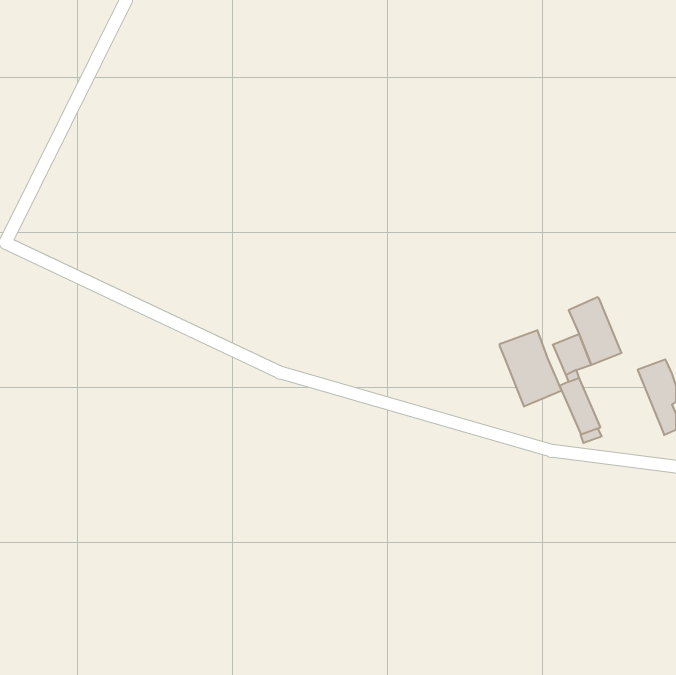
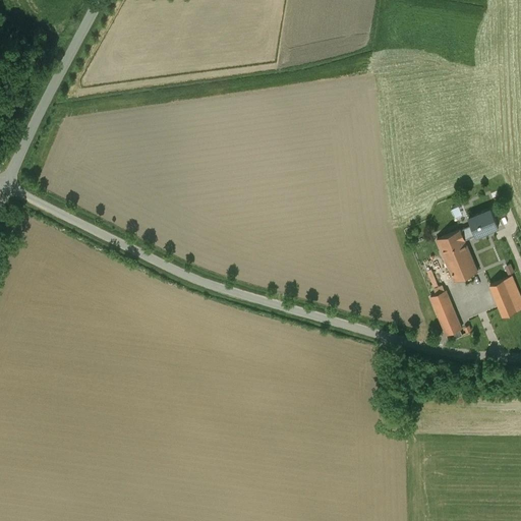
building: none -> [460,210,498,241]
building: [500,330,561,407] -> none

